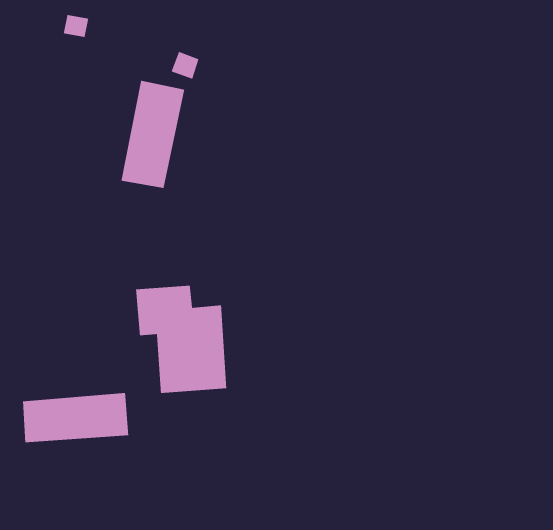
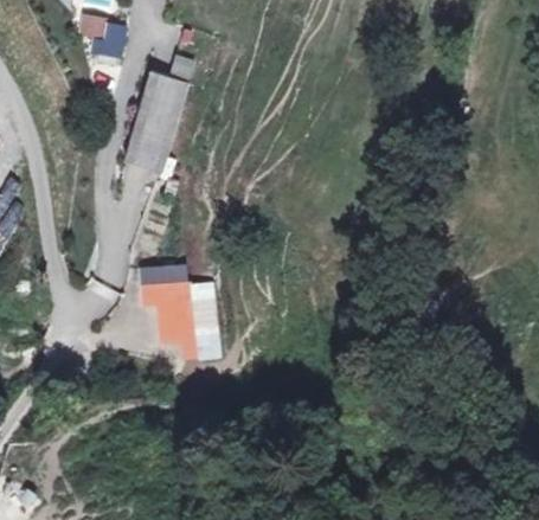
building: [22,392,129,443] -> none

